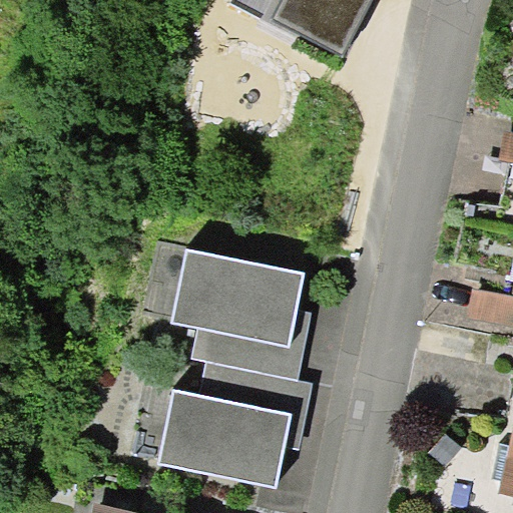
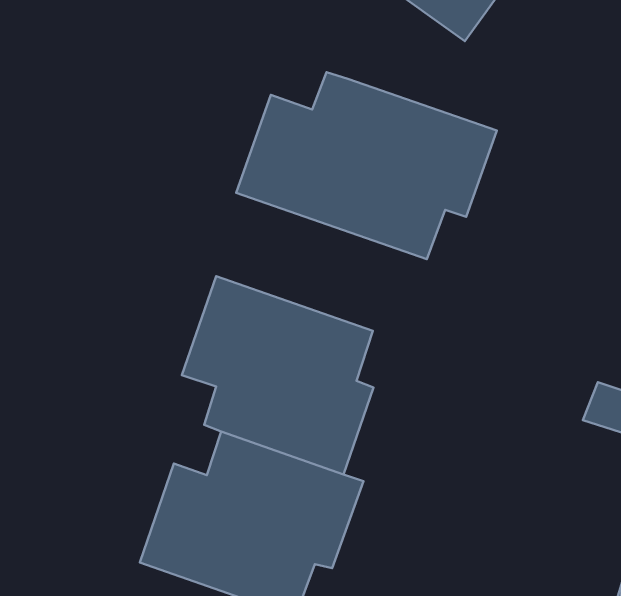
building: none -> [236,72,497,259]

